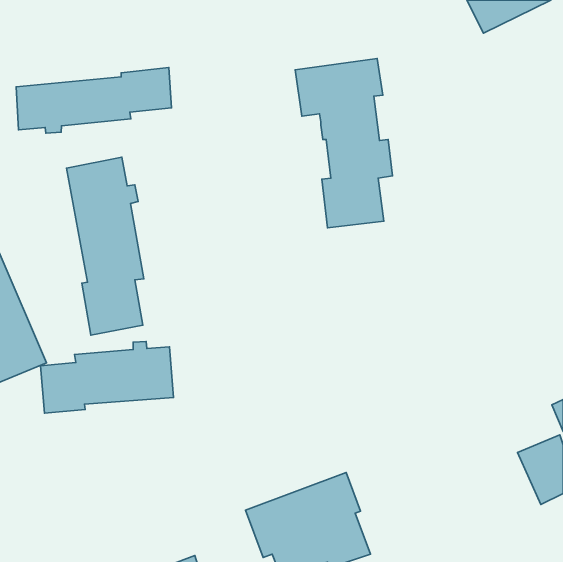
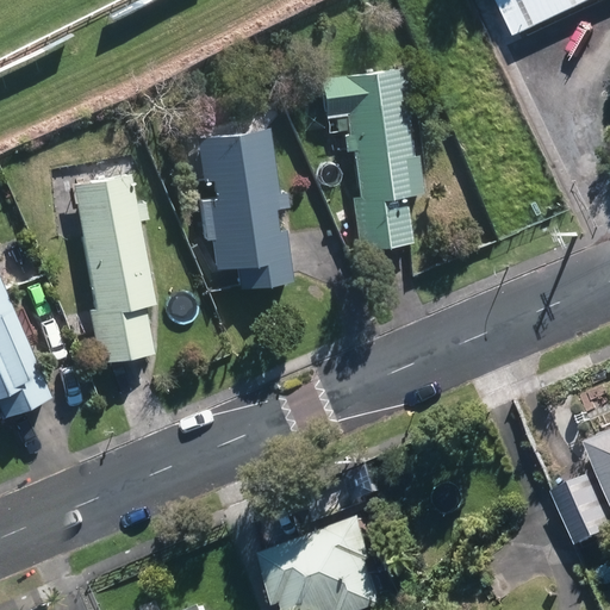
building: [16,68,172,133] -> none
building: none -> [197,129,292,288]
building: [41,341,173,413] -> none

